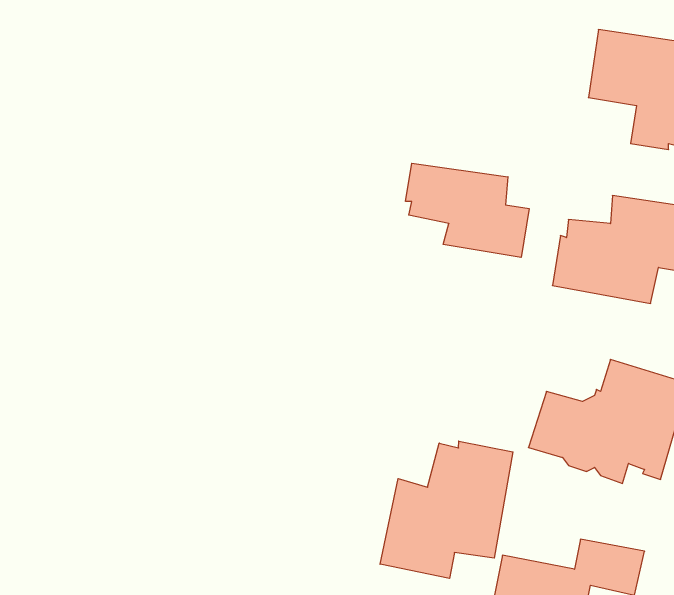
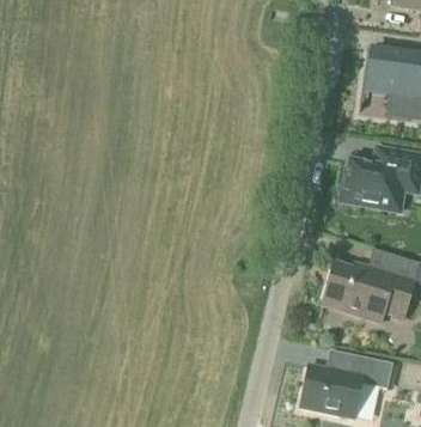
building: [406,163,529,257] -> none
building: [380,441,513,578] -> none

